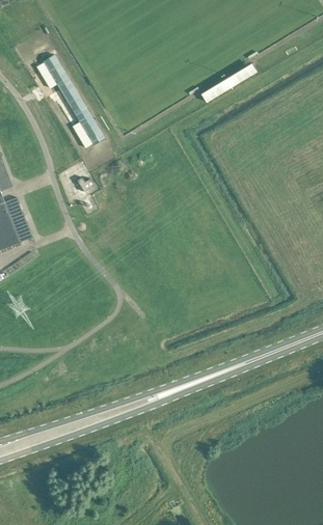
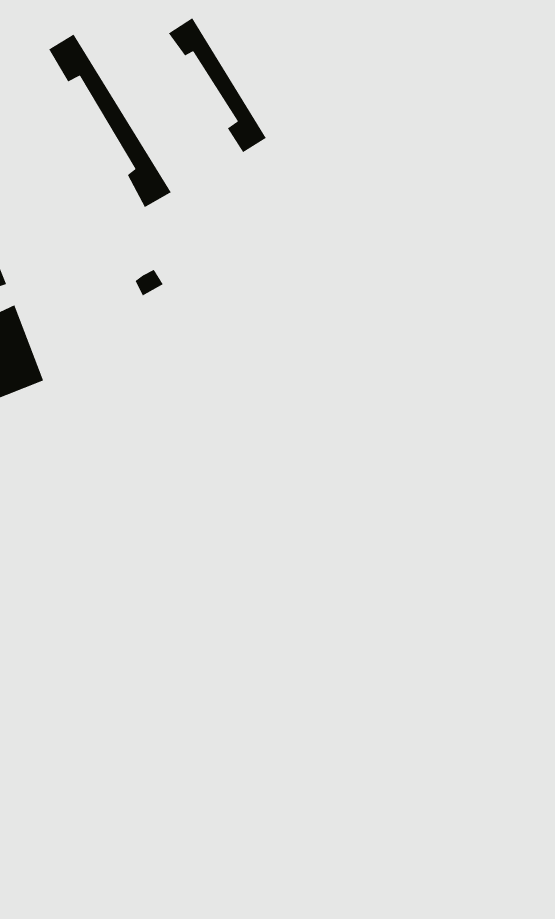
building: none -> [168,17,267,153]

